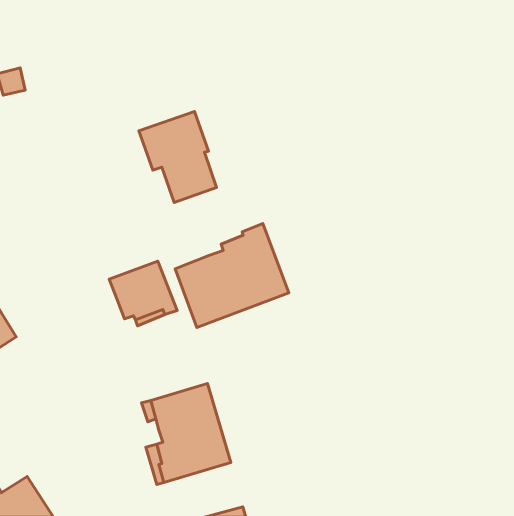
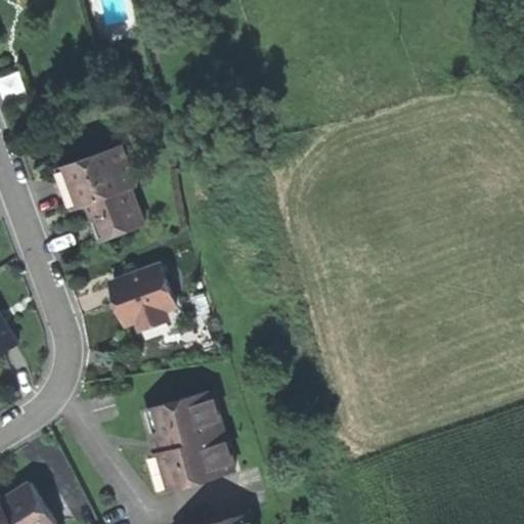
building: [139,112,217,203] -> [63,147,142,239]
building: [175,223,289,328] -> none

